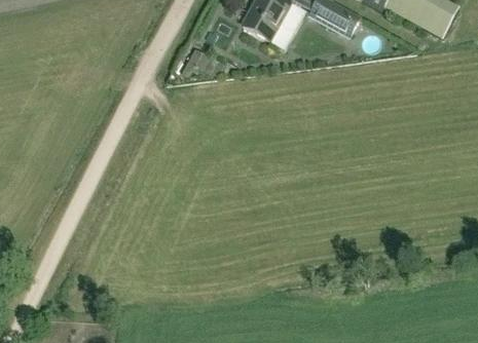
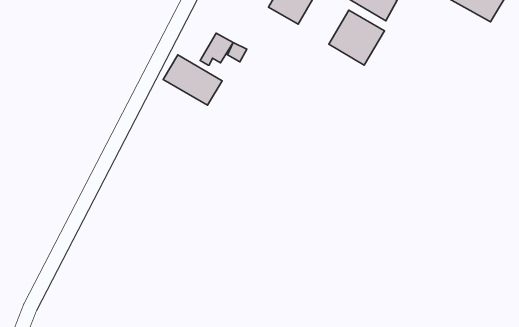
building: none -> [329,10,384,65]
building: none -> [163,55,222,105]

